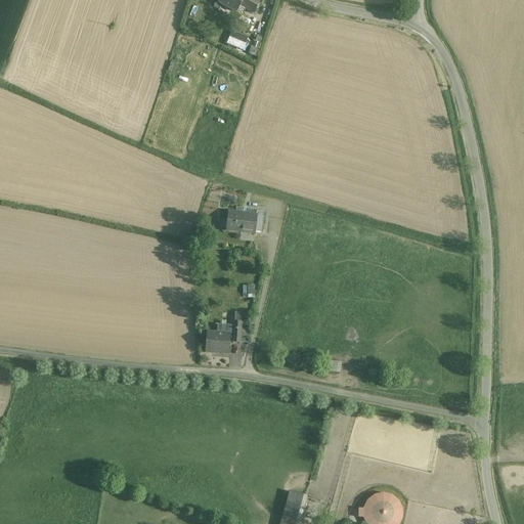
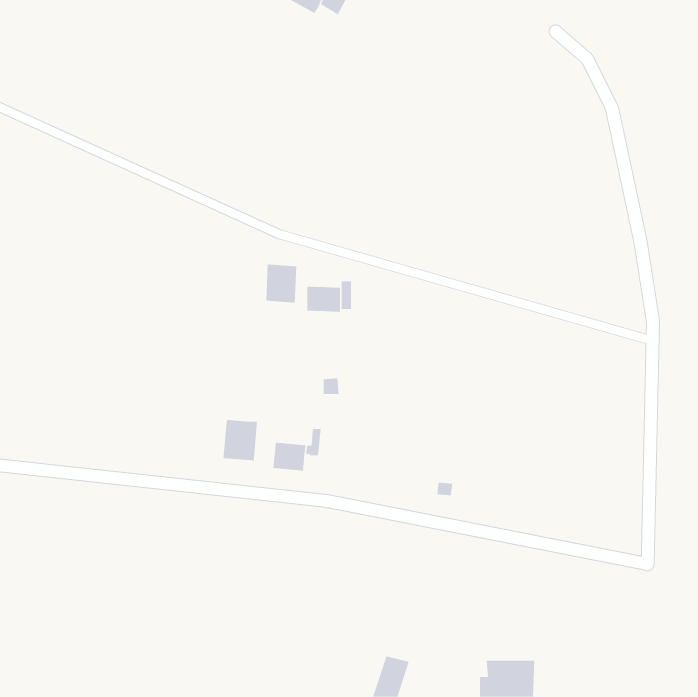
building: none -> [266,264,297,304]
building: none -> [223,419,258,461]

